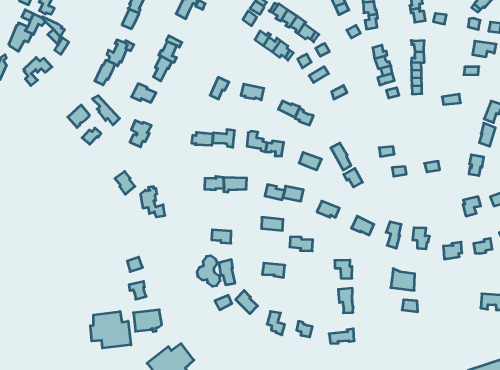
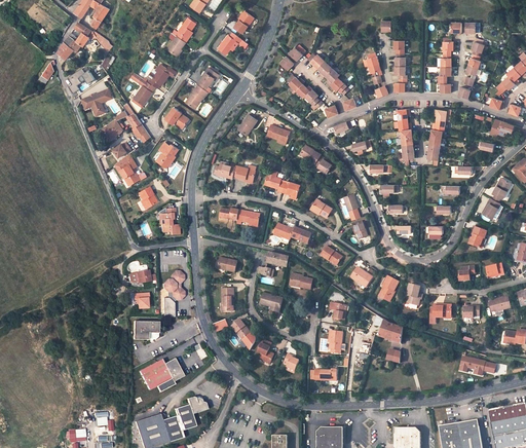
building: none -> [81,87,111,115]
building: none -> [113,154,139,185]
building: [197,256,220,286] -> [163,271,184,300]
building: [90,311,131,348] -> none

